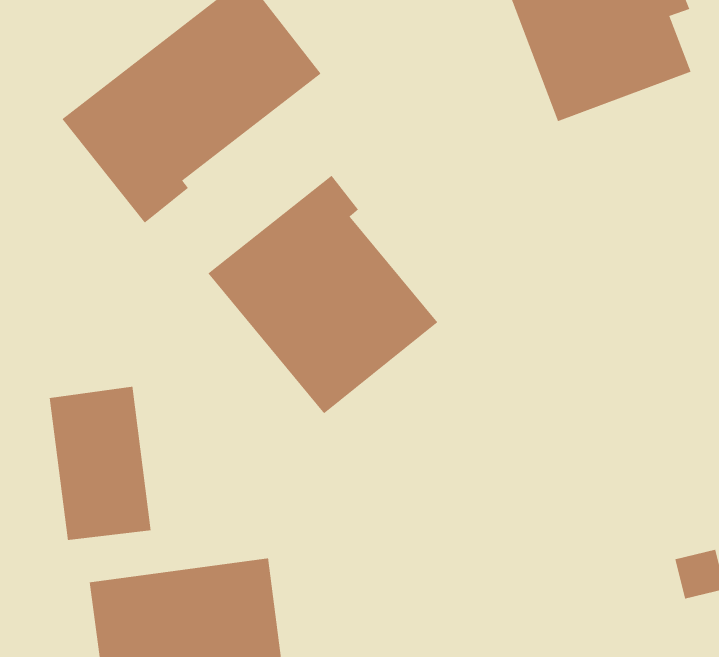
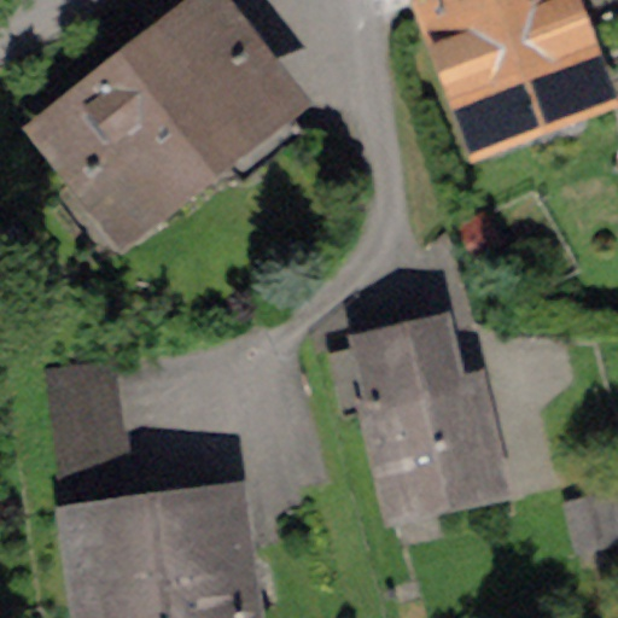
building: [208,175,438,414] -> none
building: none -> [330,328,496,500]

